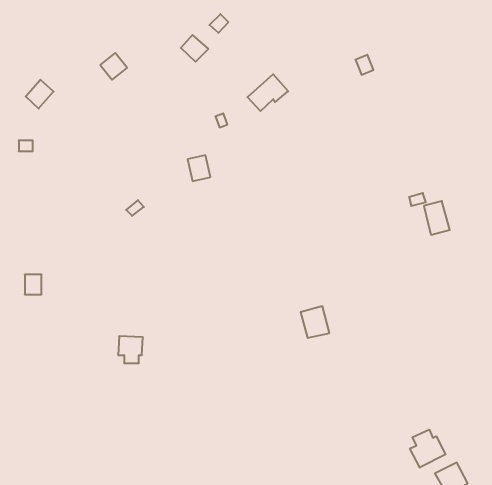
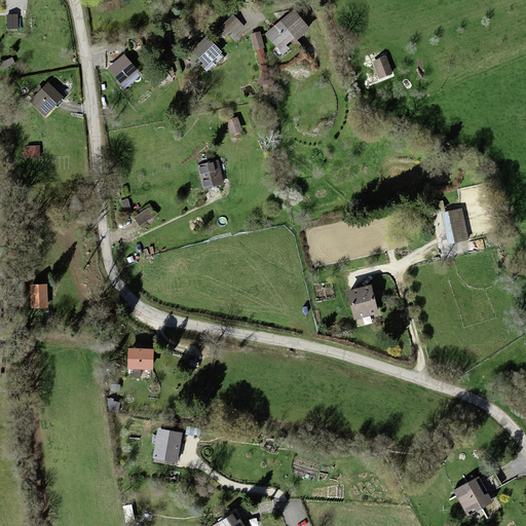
building: [247,74,288,111] -> [267,9,309,47]
building: [301,306,329,338] -> [347,286,377,318]
building: none -> [155,429,181,457]
building: [410,430,446,468] -> none

